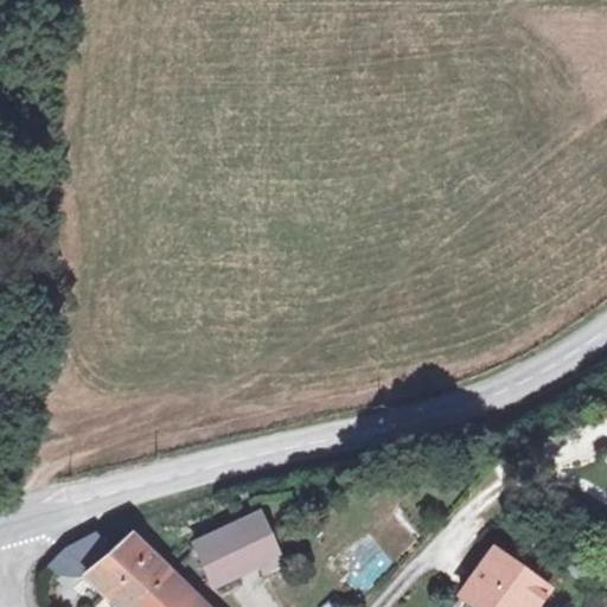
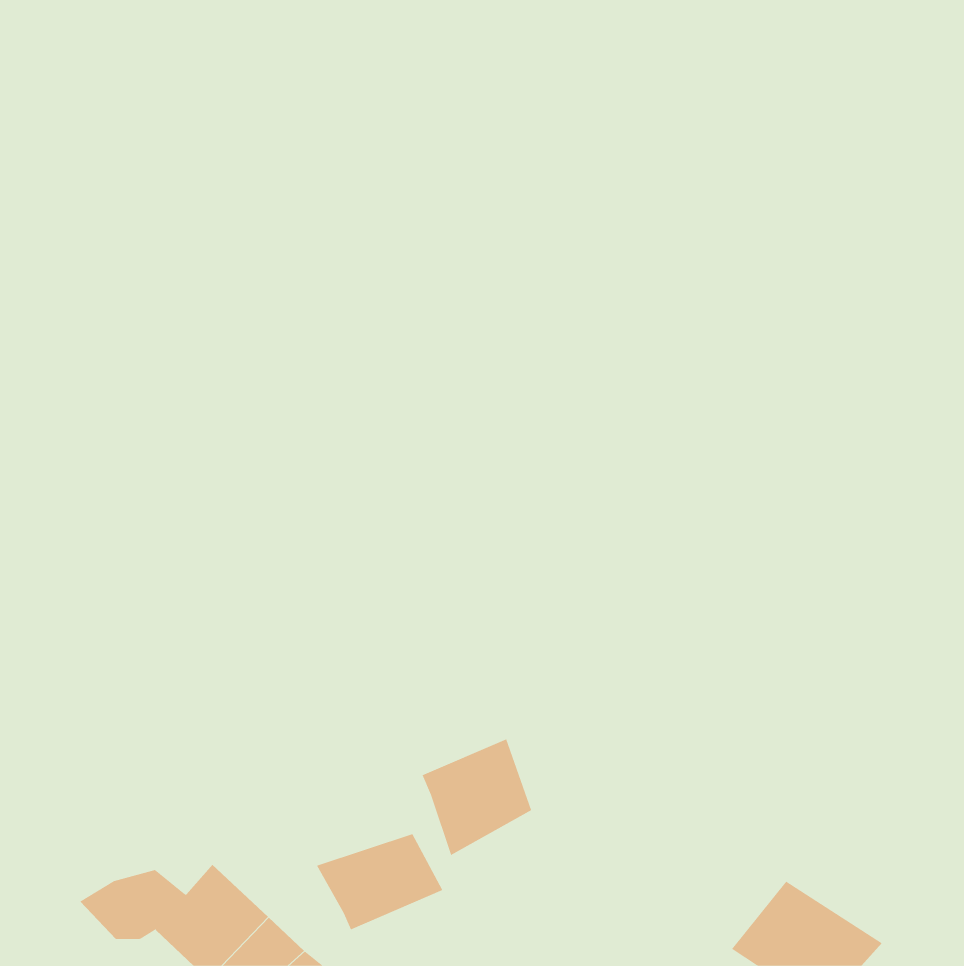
building: none -> [422,739,532,856]

